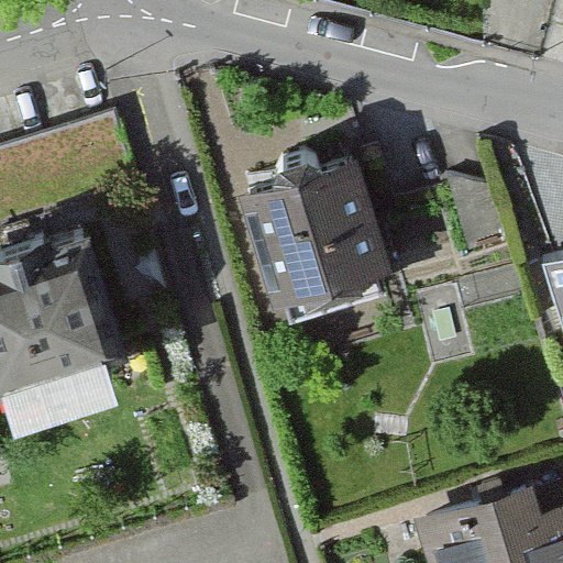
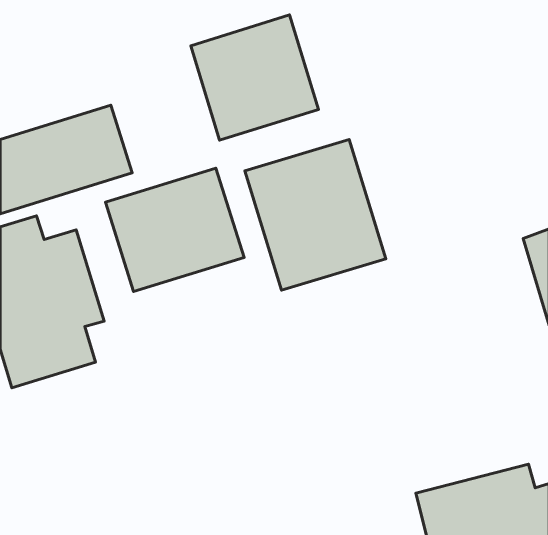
building: none -> [191,15,319,140]
building: none -> [105,168,244,291]

